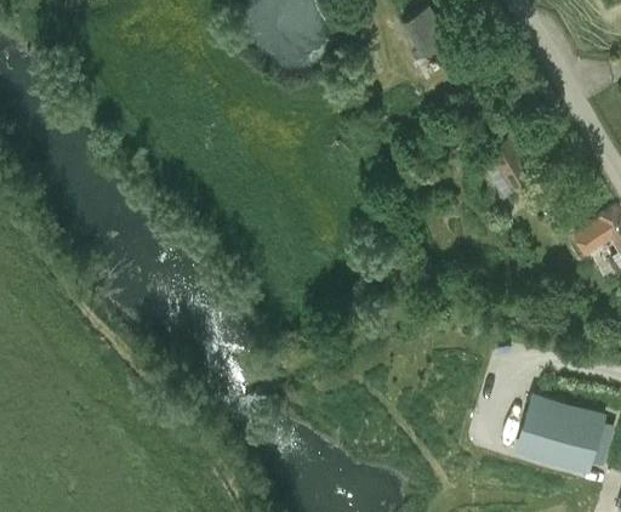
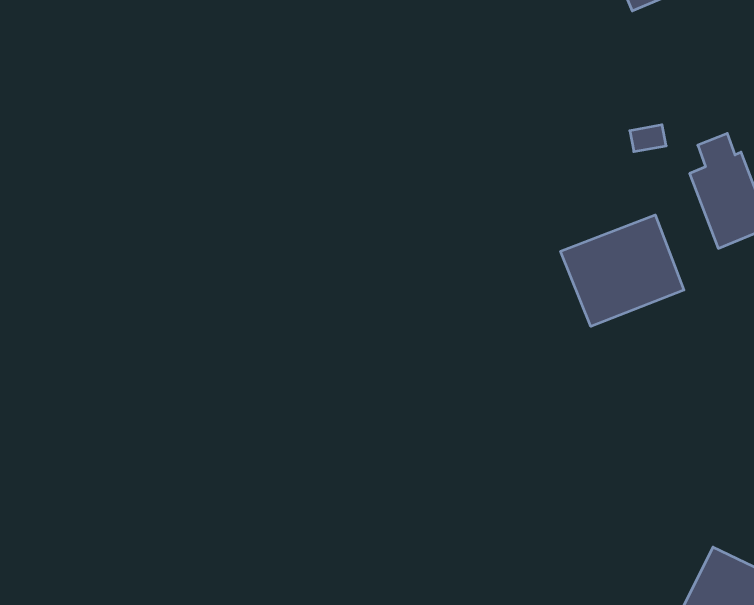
building: none -> [561,215,684,326]

